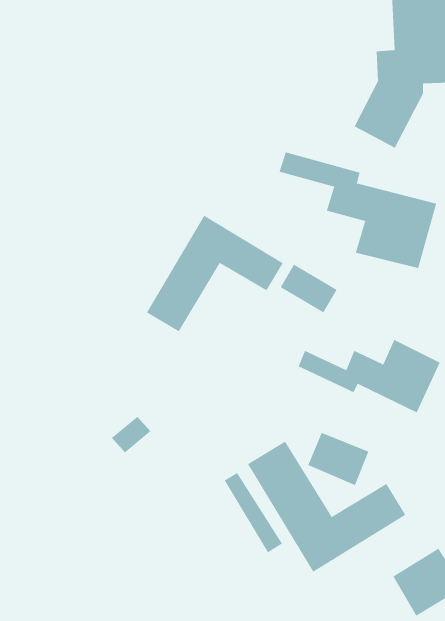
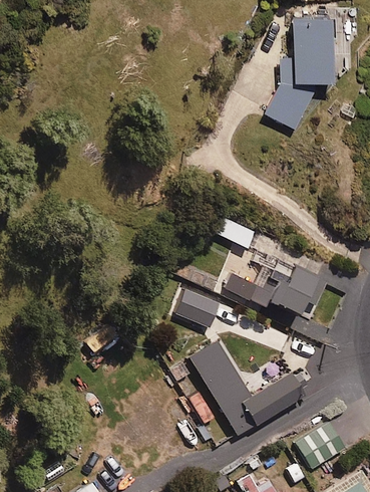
building: [279,151,437,269] -> none
building: [146,215,283,332] -> none
building: [308,432,369,486] -> [174,288,220,327]

